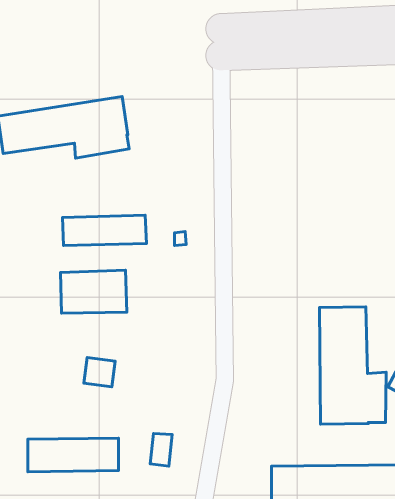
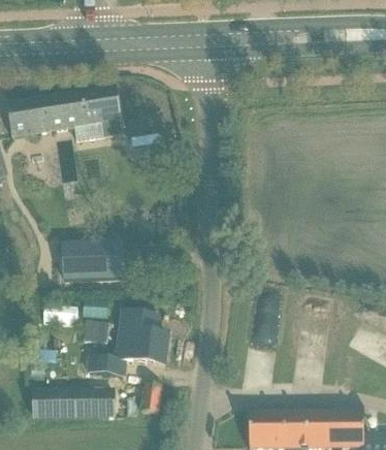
building: [62,215,146,246] -> none
building: [320,307,386,424] -> none
building: none -> [89,312,167,377]

